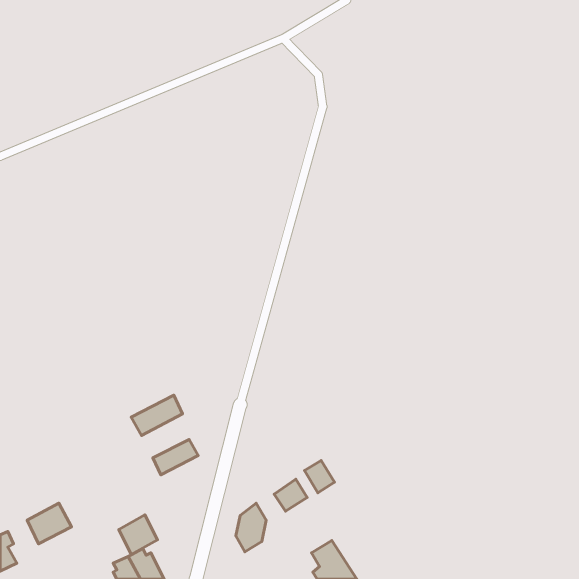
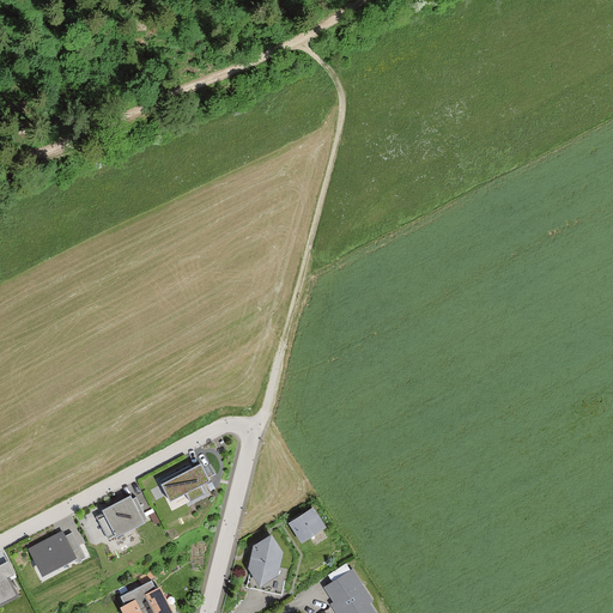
building: [131,395,183,436] -> none
building: [305,461,335,493] -> none
building: [119,515,157,555] -> [103,496,144,538]

